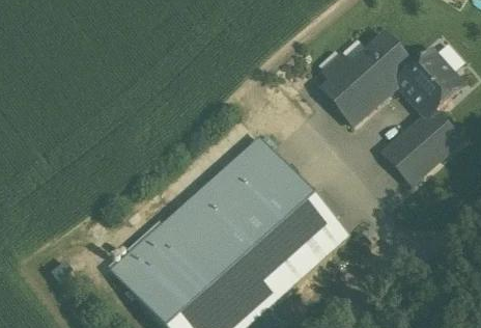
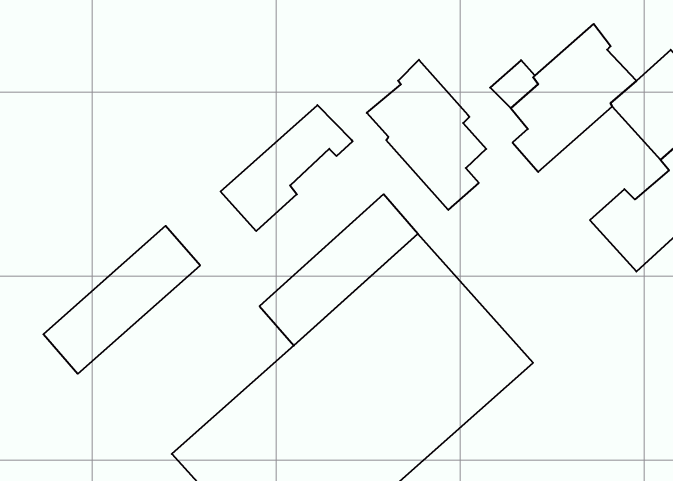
building: none -> [367,60,486,210]
building: none -> [221,105,353,231]
building: [111,202,205,292] -> [43,226,200,374]

